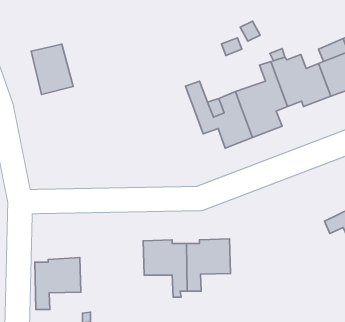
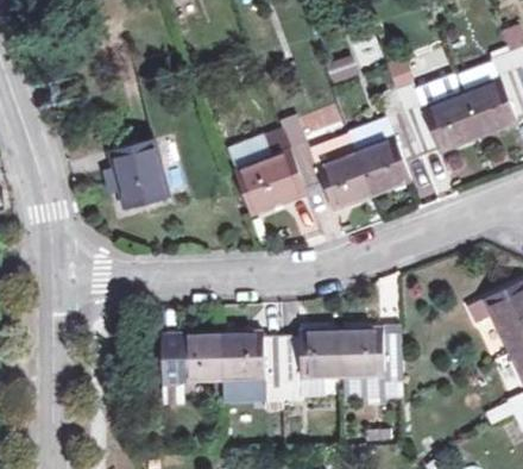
building: [31,44,73,94] -> [113,140,170,208]
building: none -> [231,135,307,214]
building: none -> [340,330,402,380]
building: [35,258,81,310] -> [163,333,225,404]

